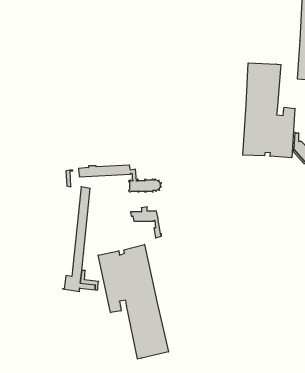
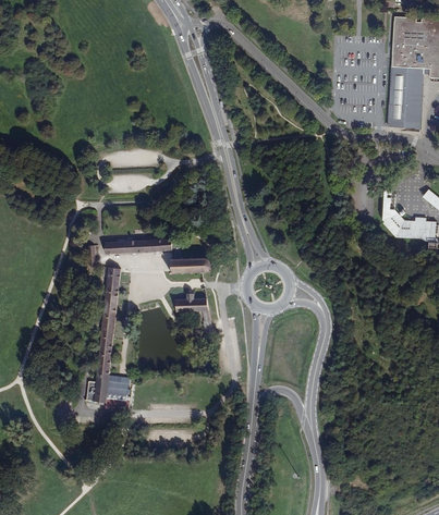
building: [243,63,295,158] -> none
building: [98,244,168,359] -> none

